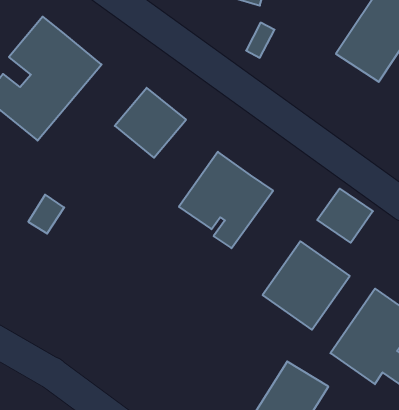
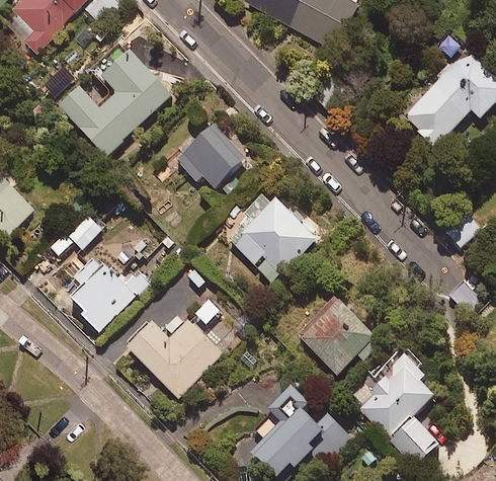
building: [317,189,373,243] -> none
building: none -> [68,253,162,331]
building: none -> [136,312,233,391]

